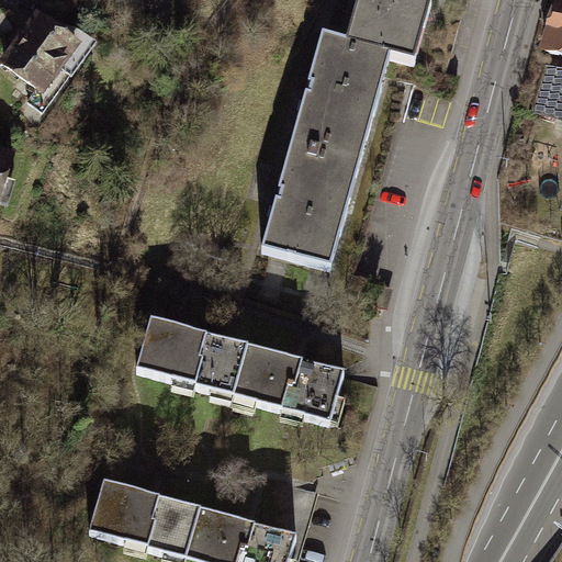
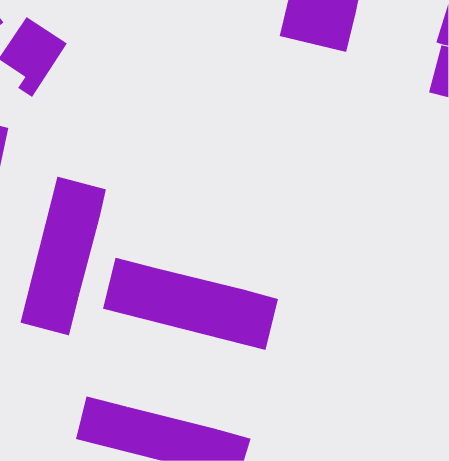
building: [258,43,395,278] -> none
building: none -> [20,176,107,336]

